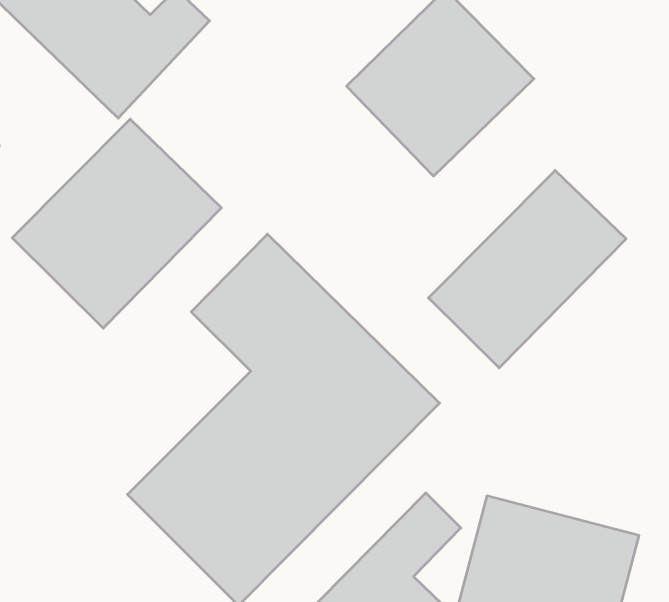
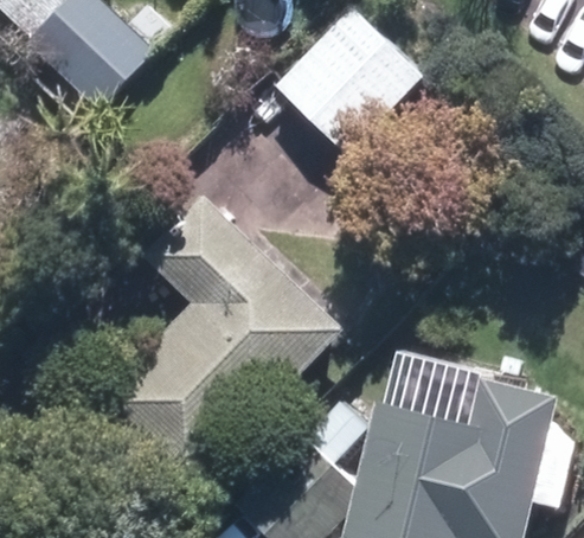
building: [12,119,221,328] -> none
building: [428,170,626,368] -> none

